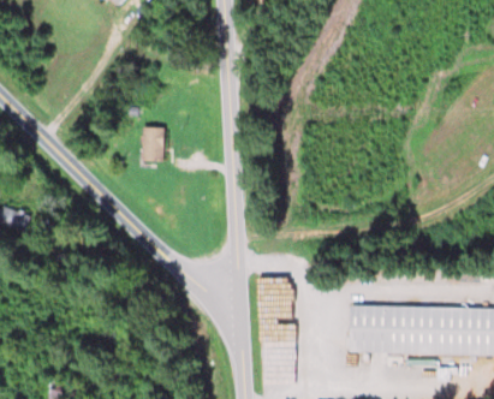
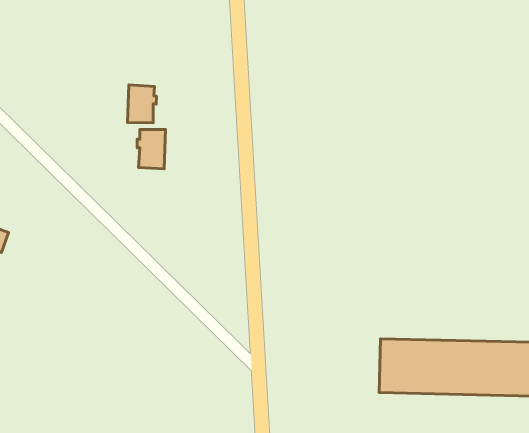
building: none -> [128,85,157,123]

